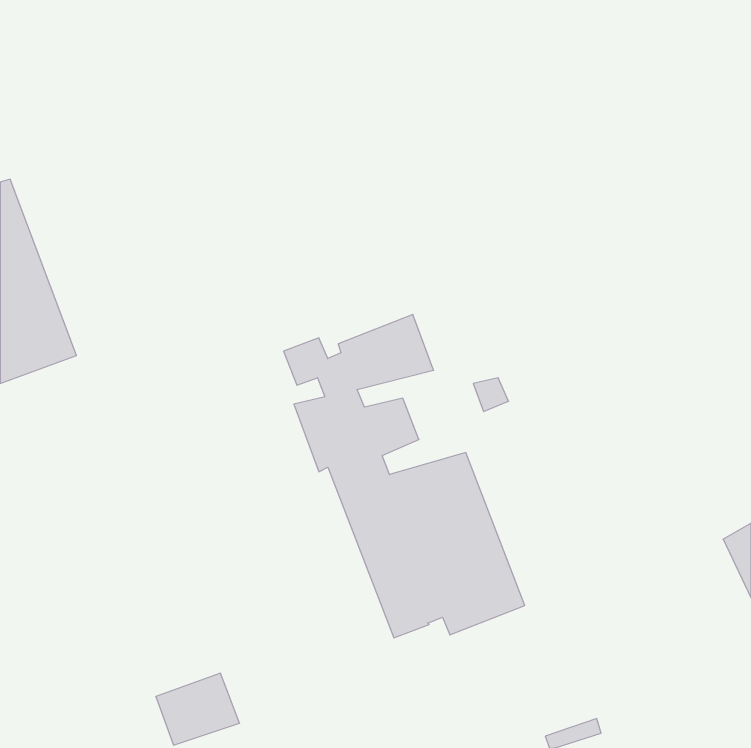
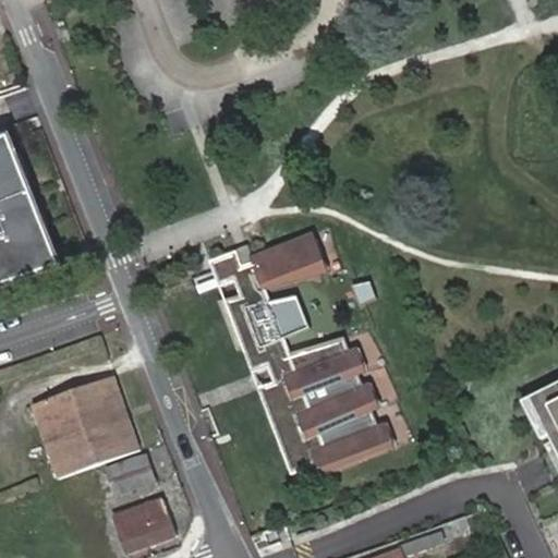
building: none -> [33,376,138,477]
building: none -> [106,453,157,494]

